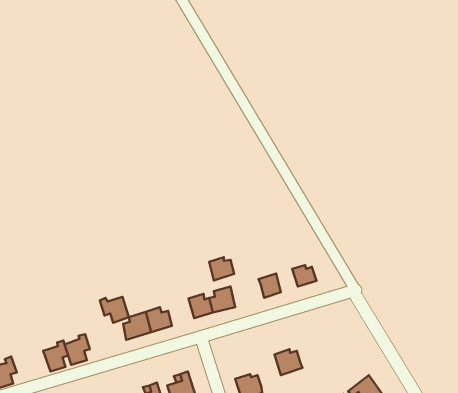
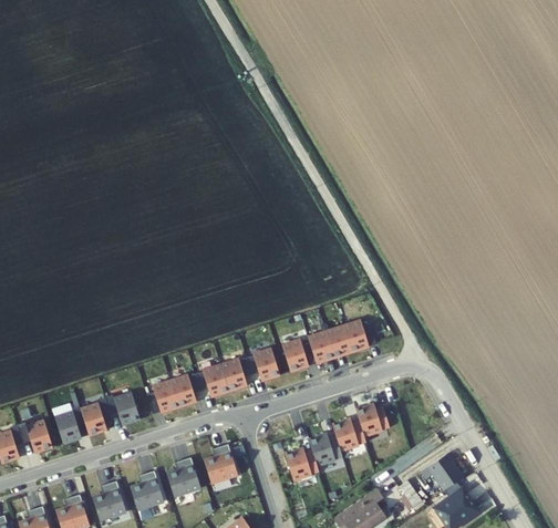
building: [209,257,234,280] -> [288,339,318,366]
building: none -> [332,324,358,352]
building: [100,297,129,323] -> [105,397,140,428]
building: none -> [204,360,235,392]
building: none -> [353,405,386,436]
building: none -> [18,425,53,456]
building: none -> [307,435,340,465]

